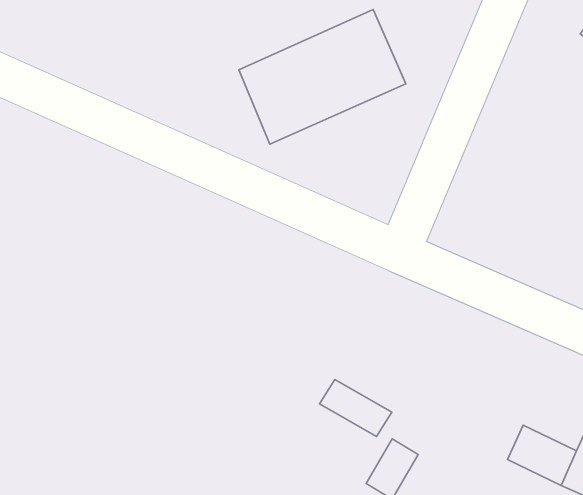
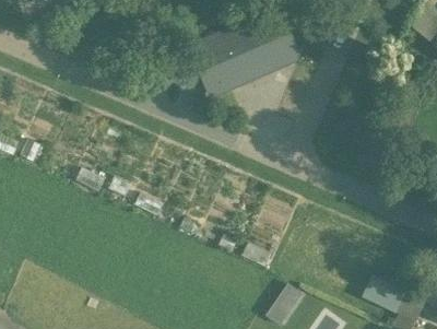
building: [319,379,392,437] -> none

